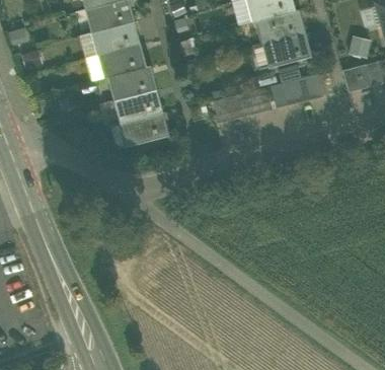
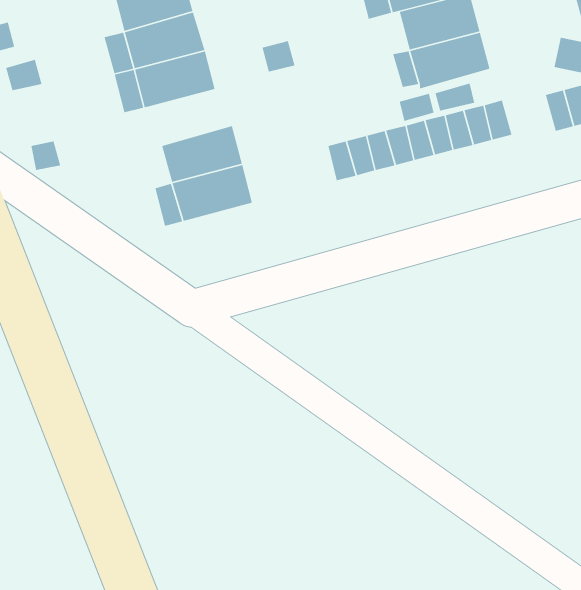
building: [107,65,156,99] -> none

